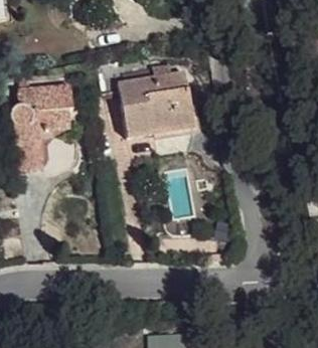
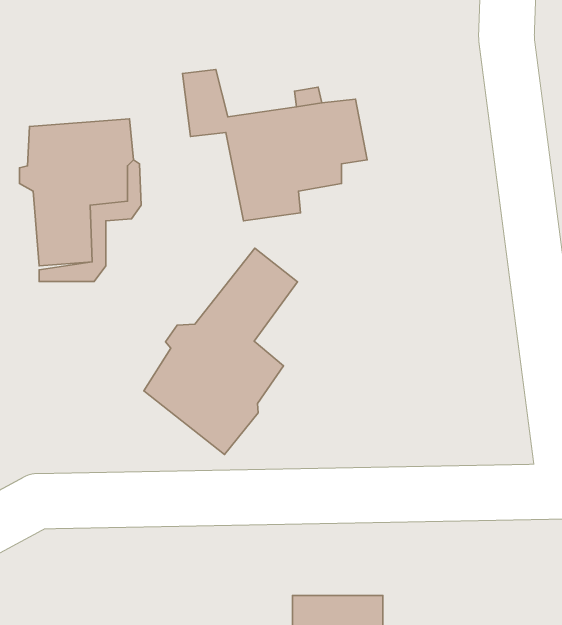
building: [155,103,194,139] -> none
building: none -> [144,248,298,455]

